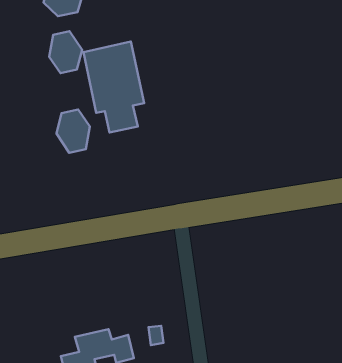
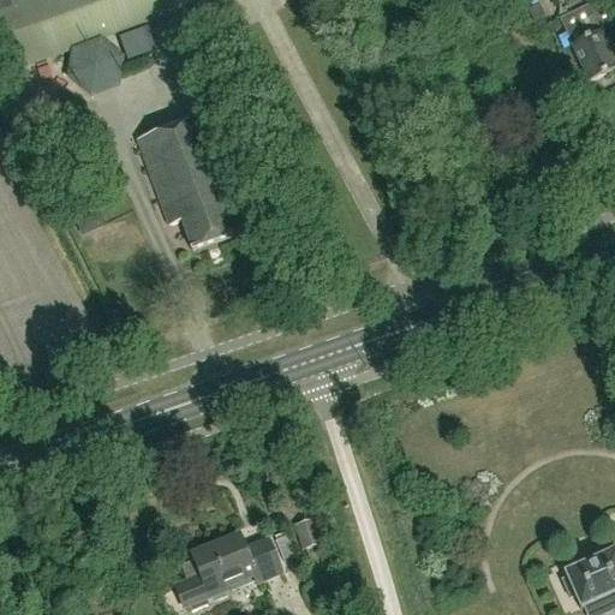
building: [49,31,82,73] -> none
building: [56,109,90,153] -> none

